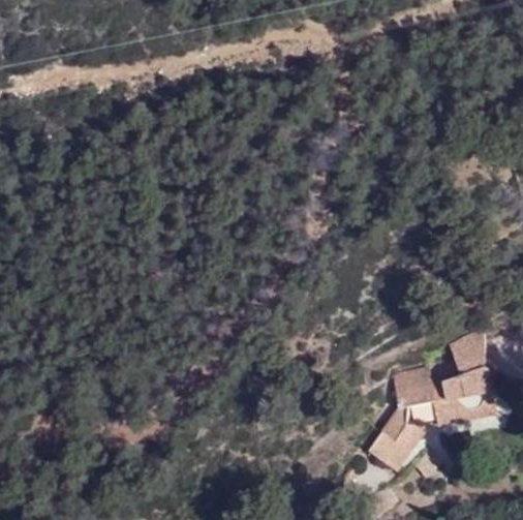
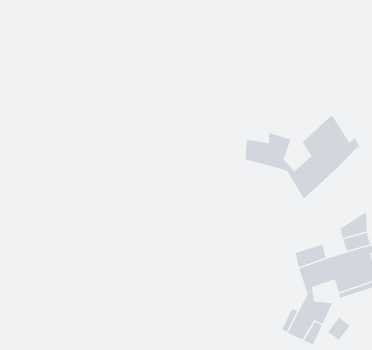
building: none -> [245,114,360,199]

